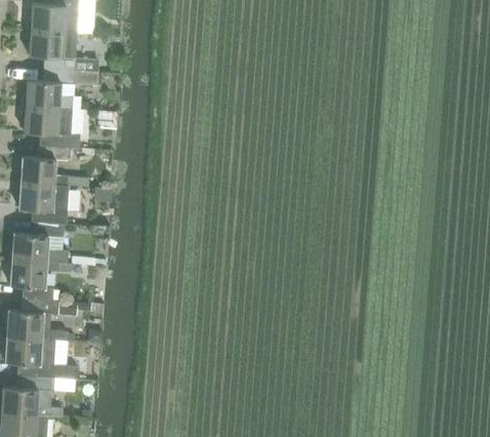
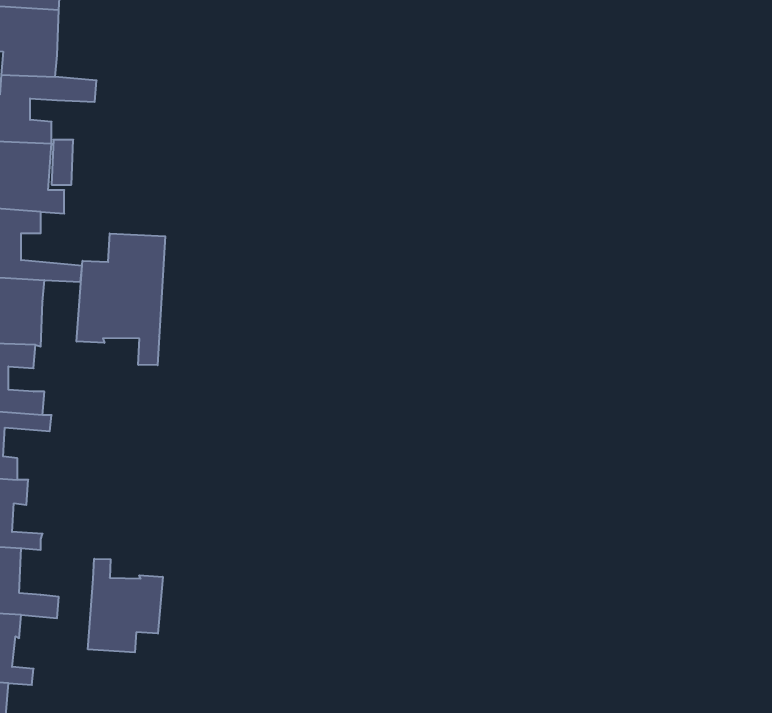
building: none -> [77,233,165,365]
building: none -> [88,559,163,652]

